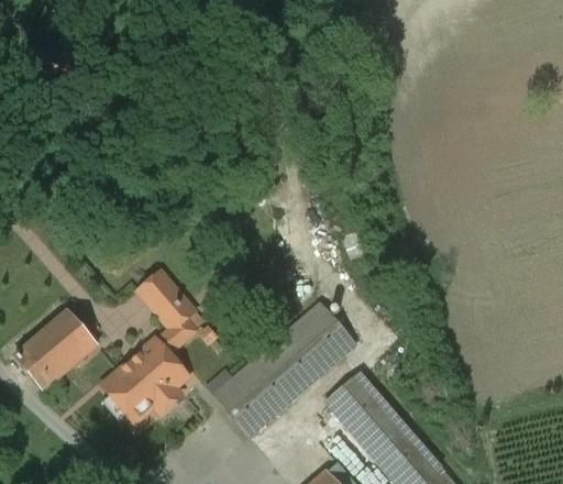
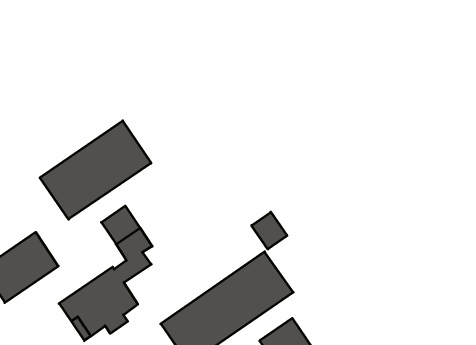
building: none -> [40,121,151,219]
building: none -> [252,212,287,249]

